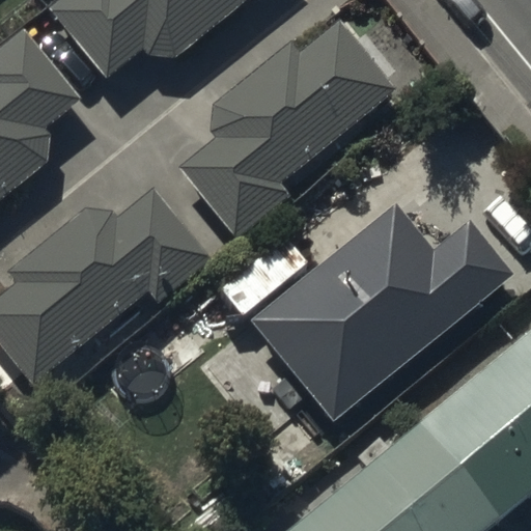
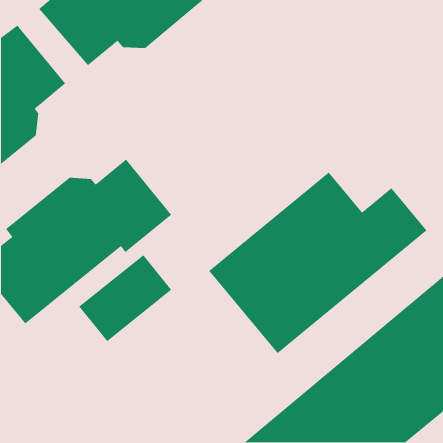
building: [178,22,394,236] -> none

